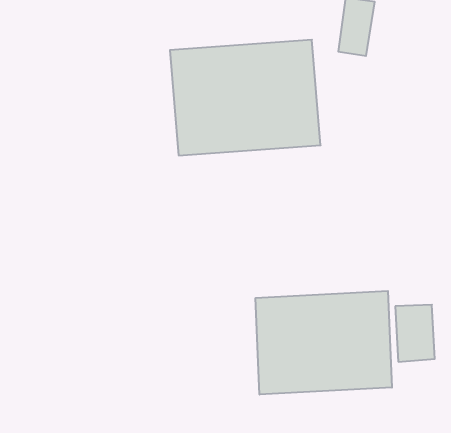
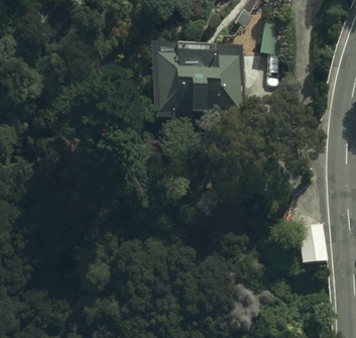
building: [256,291,392,395] -> none

